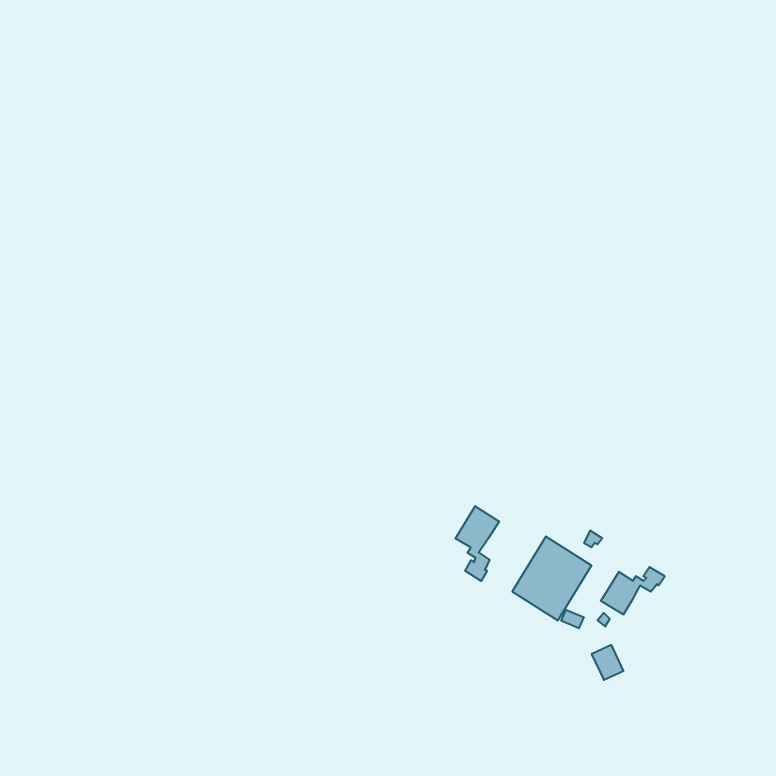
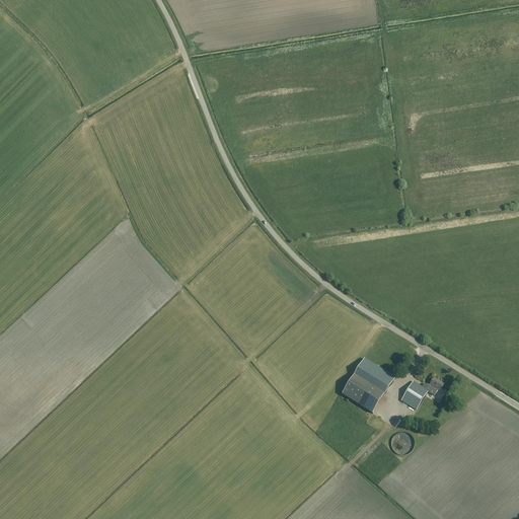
building: [455,506,499,581] -> none

